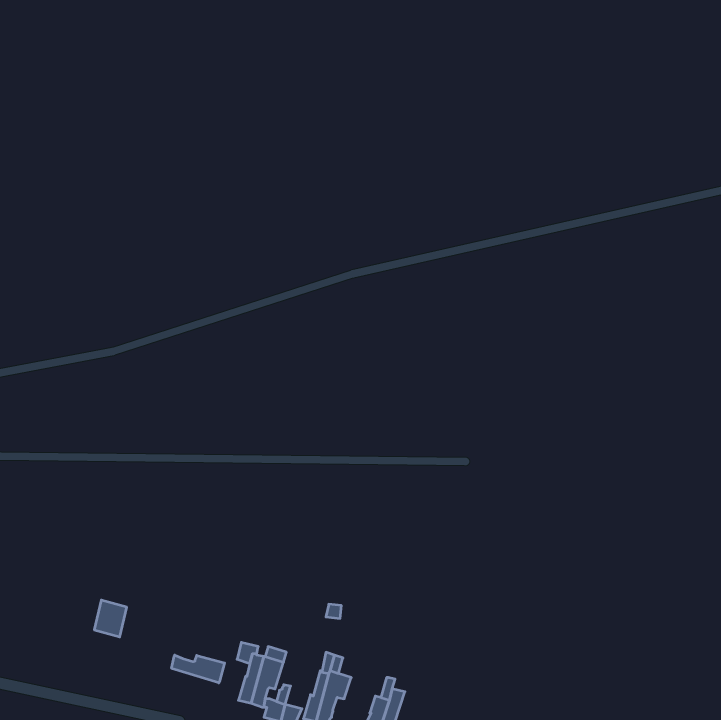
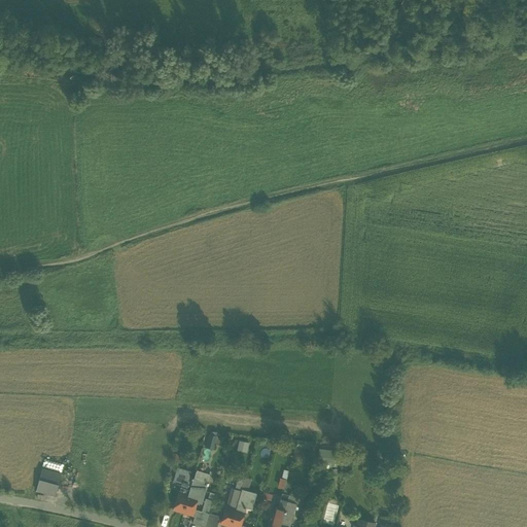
building: [94,600,127,637] -> [36,470,60,497]
building: [172,655,225,683] -> none

